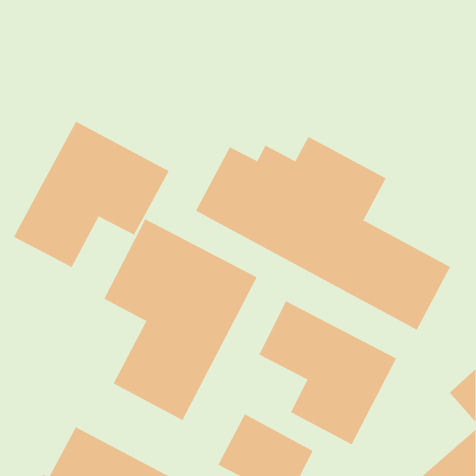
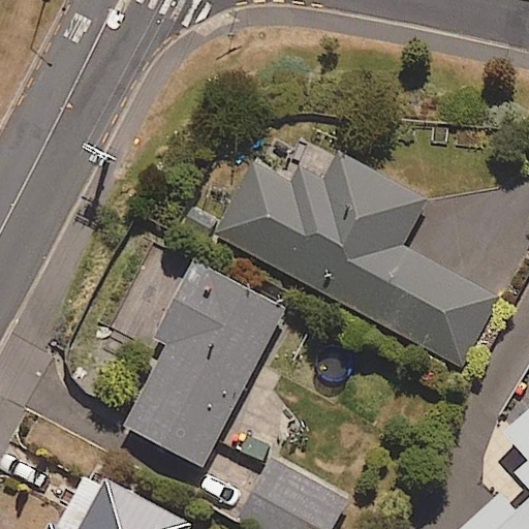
building: [13,121,169,268] -> none
building: [258,301,397,445] -> none

